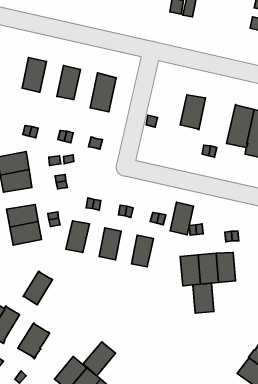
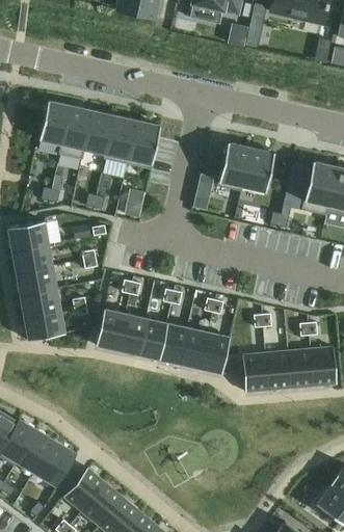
building: none -> [58,105,92,159]
building: none -> [104,115,136,164]
building: none -> [217,141,250,191]
building: none -> [16,266,56,294]
building: [170,202,194,235] -> [200,331,230,373]
building: none -> [117,313,145,354]
building: none -> [159,322,187,364]
building: [23,271,52,305] -> [17,429,54,472]
building: [193,283,214,313] -> [310,347,337,385]
building: [83,342,116,376] -> [63,468,105,511]

